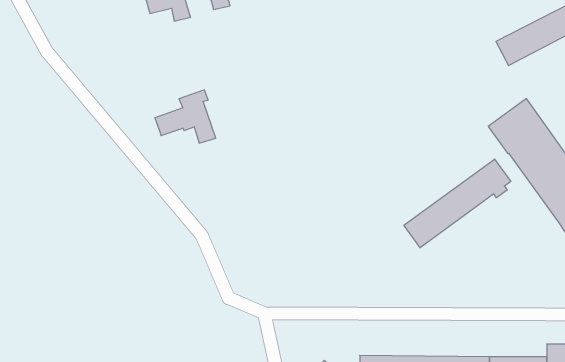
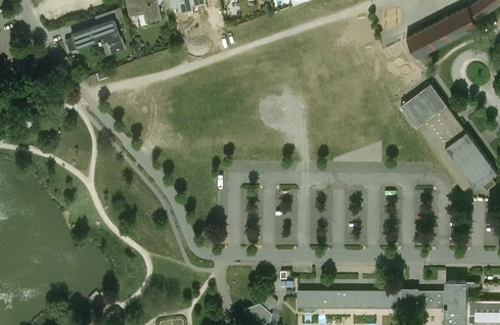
building: [155,90,216,143] -> [75,9,124,52]
building: [404,159,511,248] -> none

